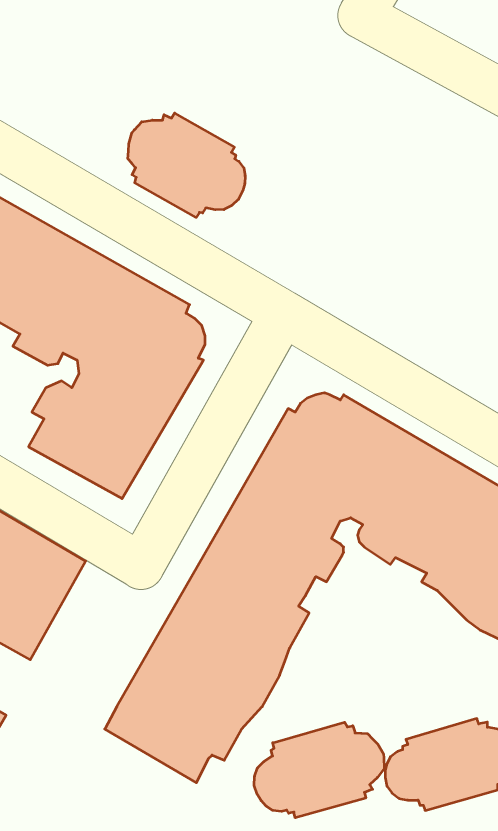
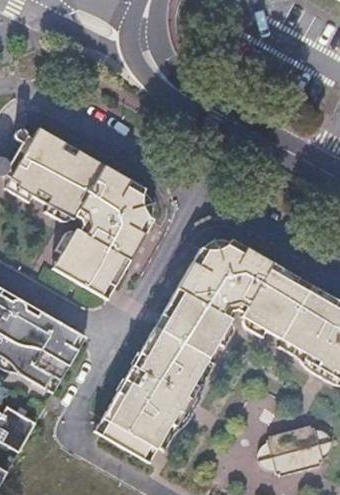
building: [128,113,245,217] -> none
building: [254,722,384,818] -> none

